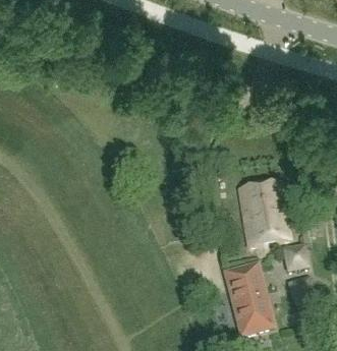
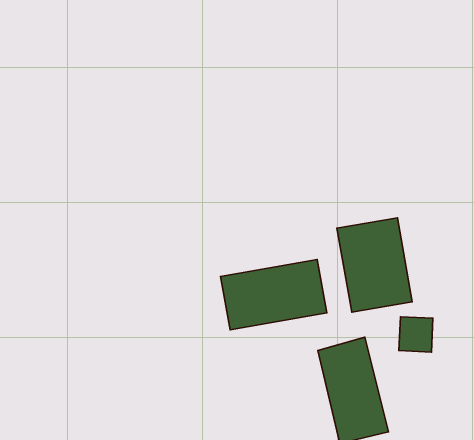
building: none -> [221,260,327,330]

